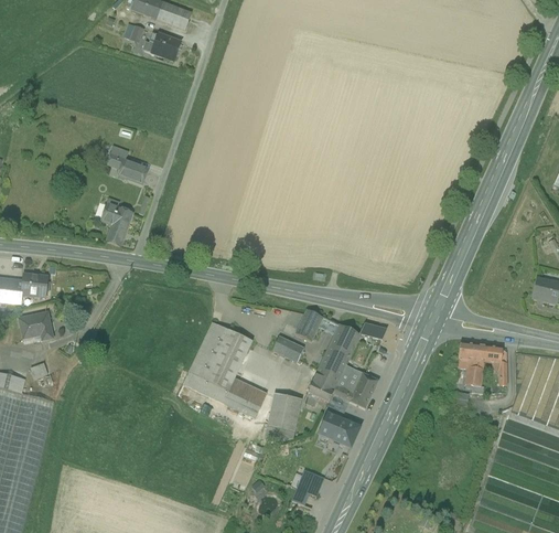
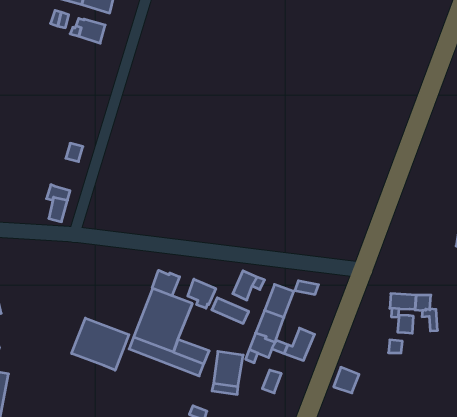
building: [107,147,135,179] -> none
building: none -> [152,270,180,296]
building: none -> [188,279,216,308]
building: none -> [72,318,129,370]
building: [331,419,358,447] -> [334,367,359,393]

